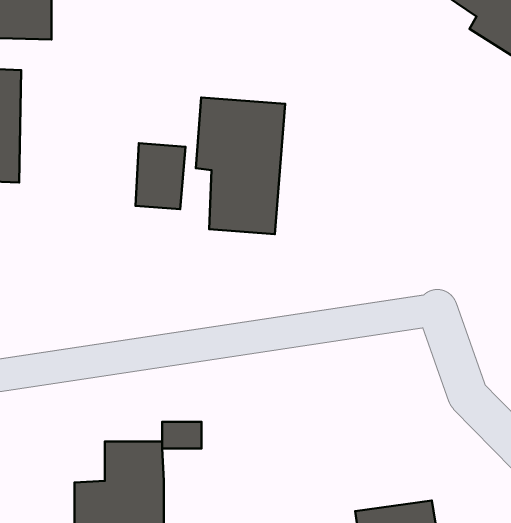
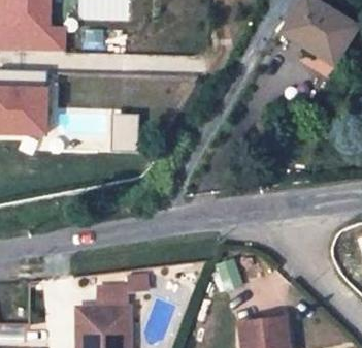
building: [196,98,285,234] -> none

